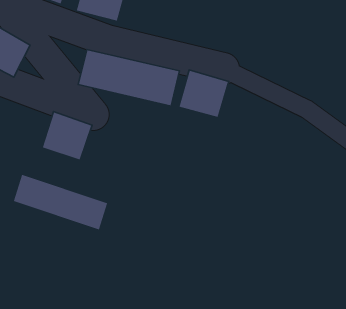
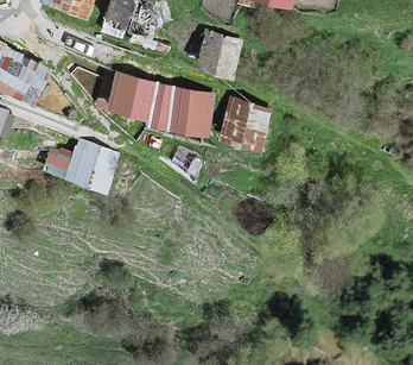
building: none -> [193,31,242,77]
building: [13,174,108,231] -> none

